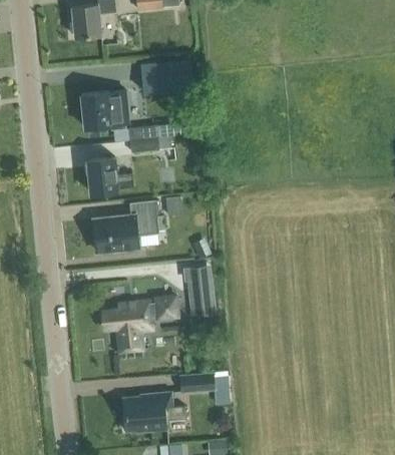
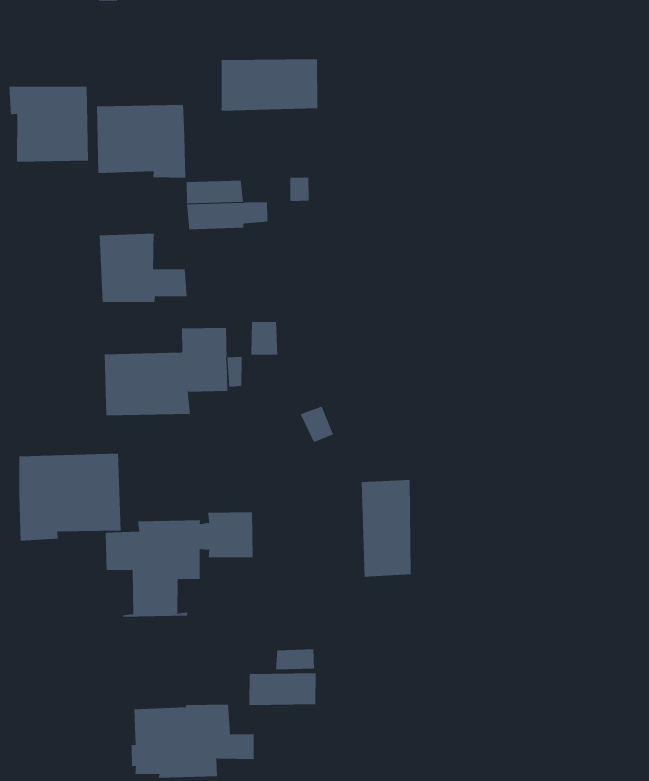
building: none -> [9,86,89,162]
building: [185,267,215,318] -> [361,479,412,577]
building: none -> [19,453,121,542]

